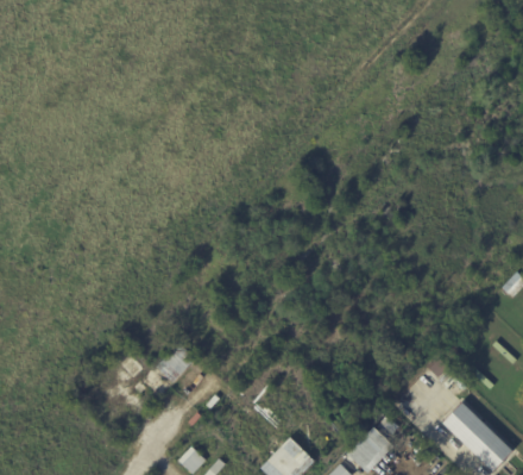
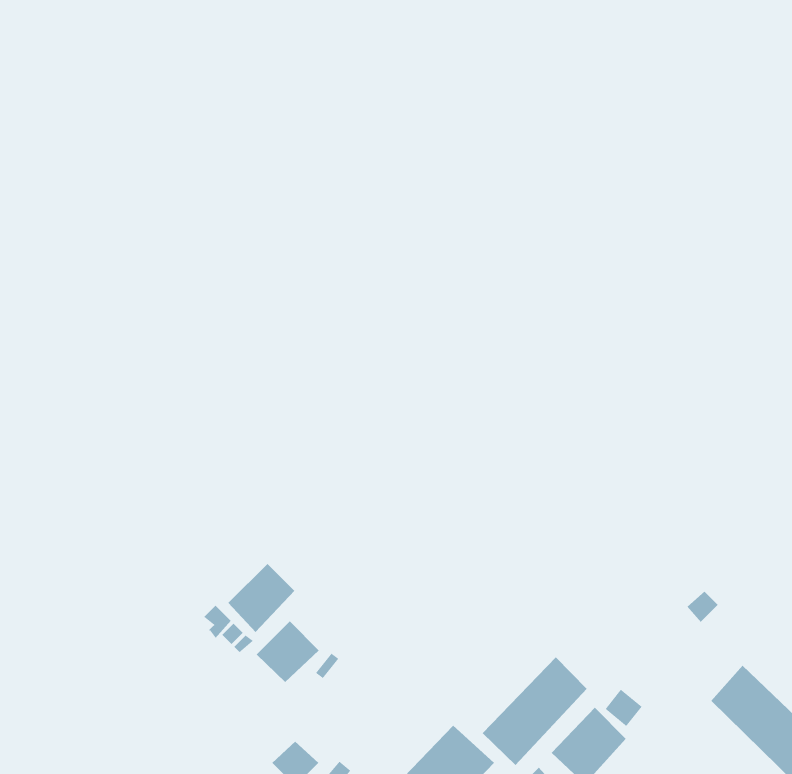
building: none -> [256,620,319,683]
building: none -> [482,656,587,766]

